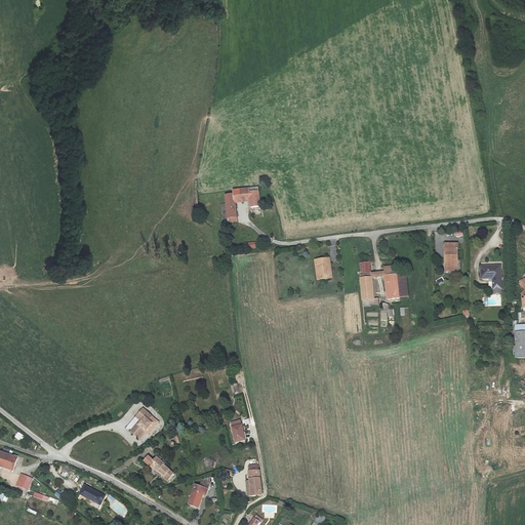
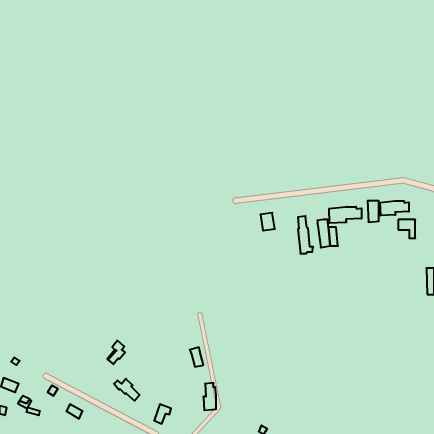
building: [224,186,259,220] -> none
building: none -> [380,201,409,216]
building: none -> [329,207,362,223]

